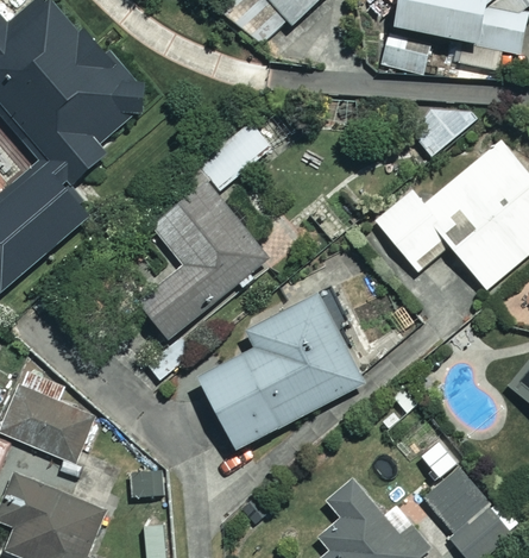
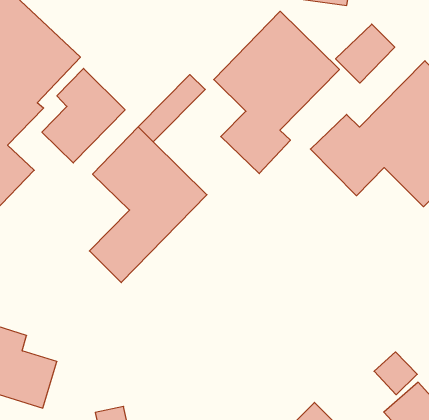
building: none -> [214,11,339,174]
building: none -> [42,68,125,163]
building: [195,295,361,451] -> none

